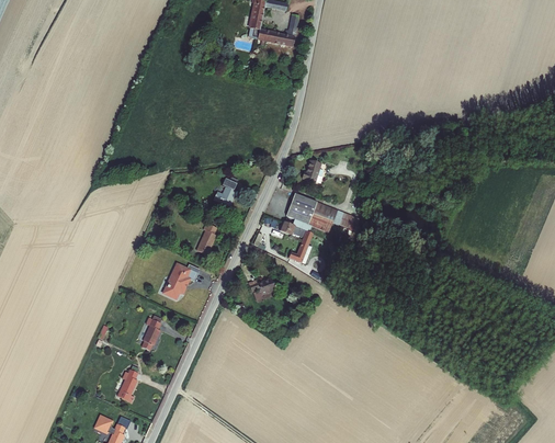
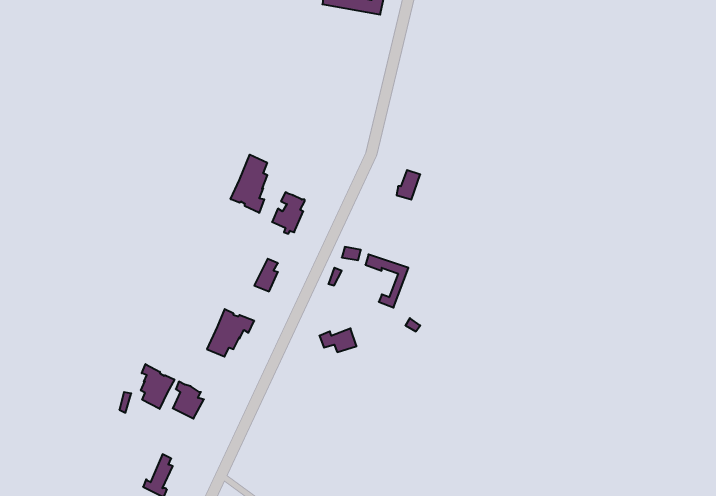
building: none -> [231,155,267,213]
building: [284,193,341,230] -> none
building: none -> [141,364,174,409]

